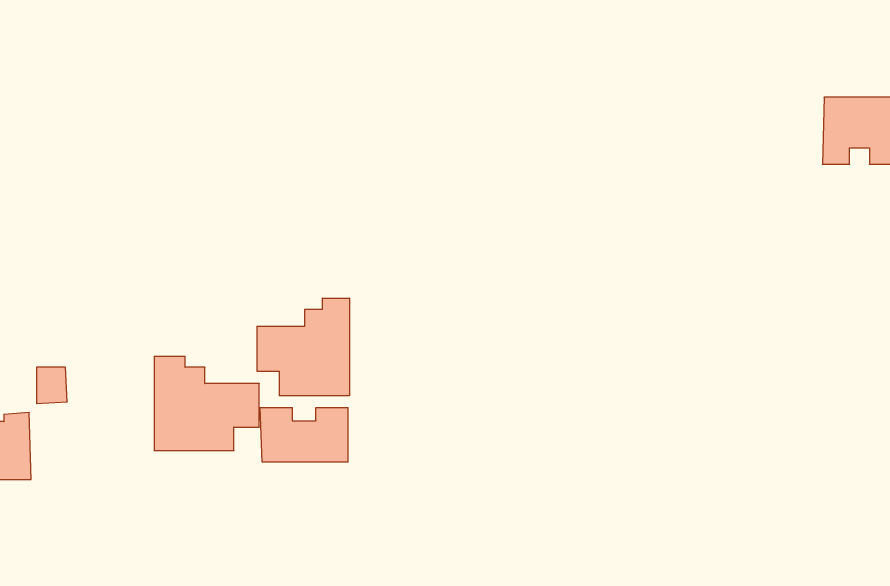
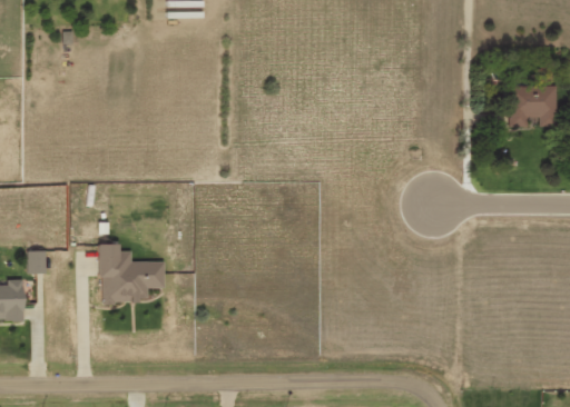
building: [257,298,349,396] -> none
building: [260,408,348,462] -> none

